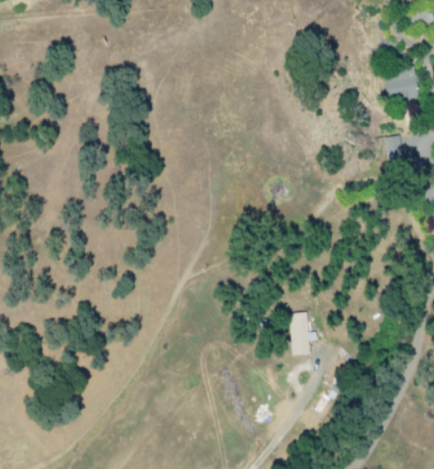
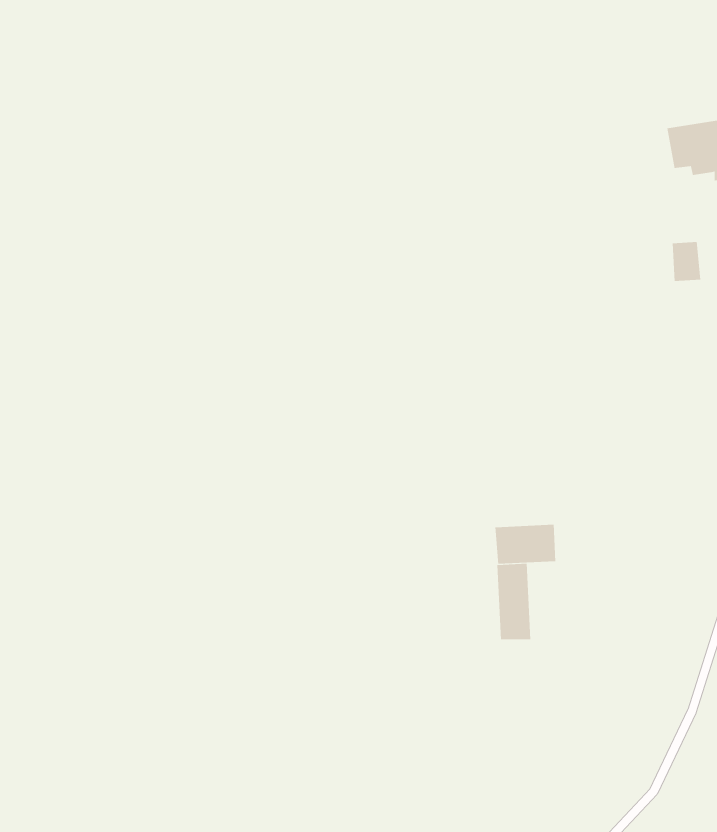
building: none -> [495,524,556,564]

